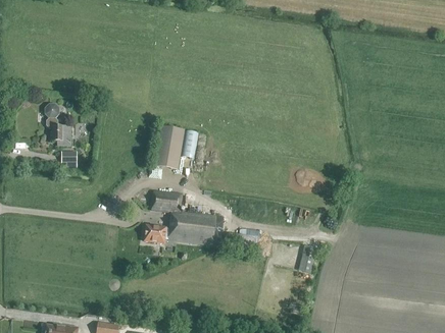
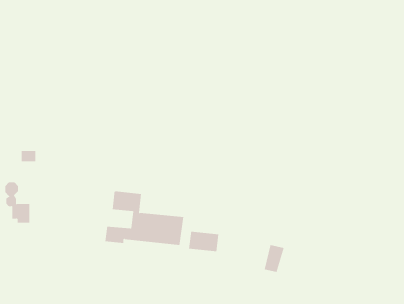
building: [45,104,70,145] -> [4,182,30,223]
building: [154,125,184,169] -> none

